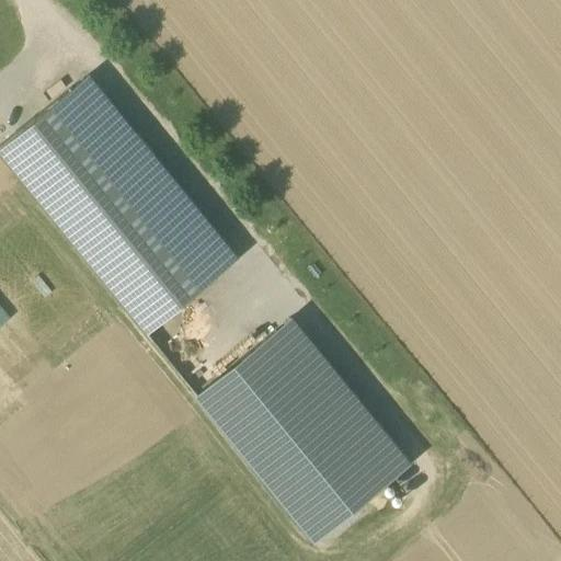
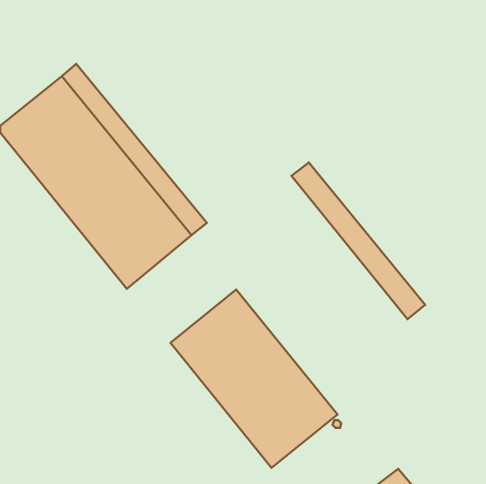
building: none -> [292,162,425,319]
building: [273,320,409,480] -> none

